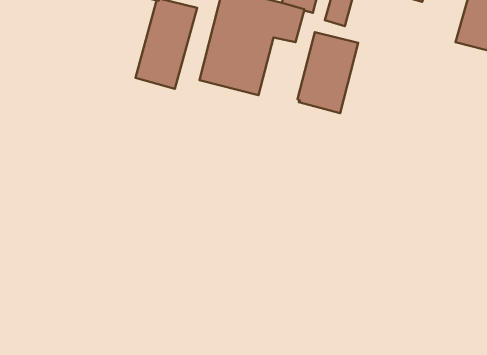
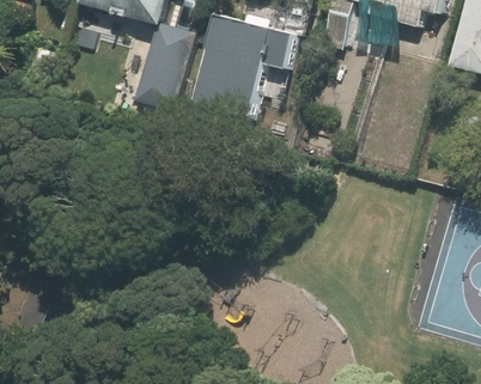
building: [298,32,358,113] -> none

